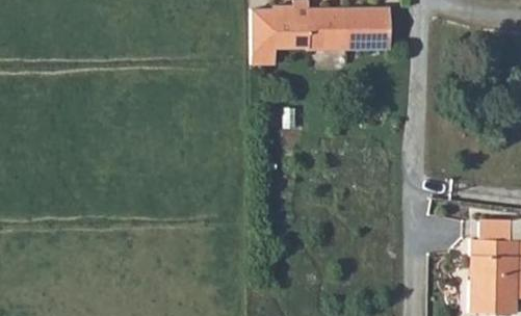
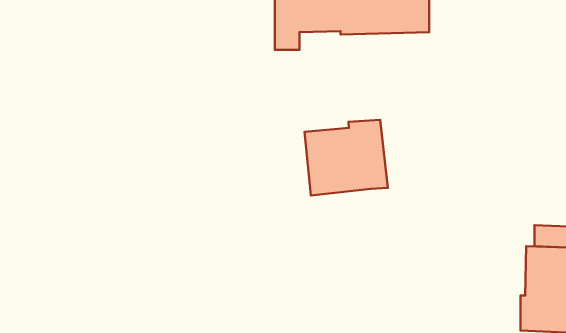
building: none -> [304,120,388,195]

